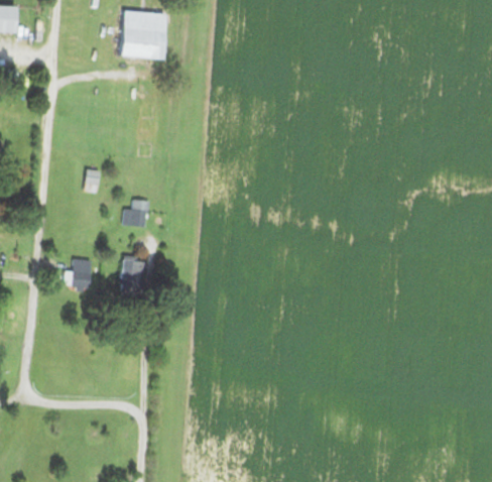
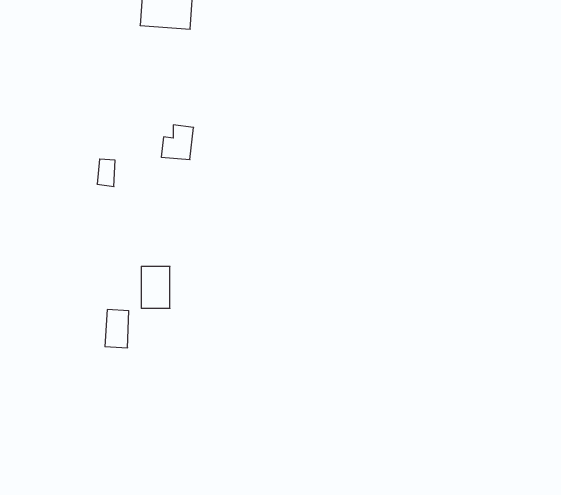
building: [122,199,149,228] -> [161,125,194,160]
building: [71,258,91,290] -> [105,310,129,348]

